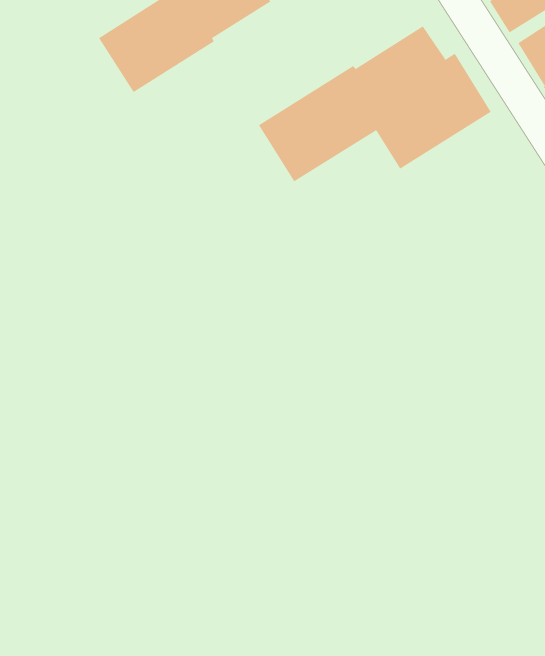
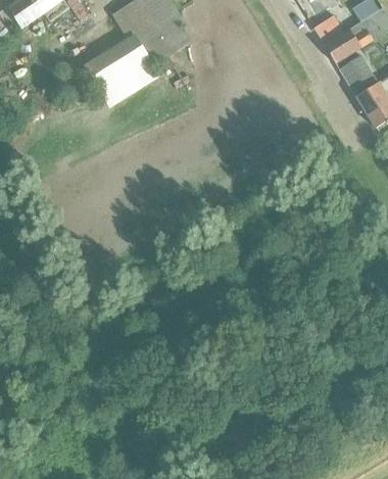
building: [258,25,492,182] -> none

